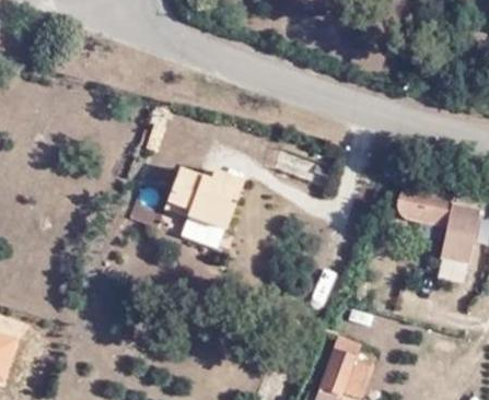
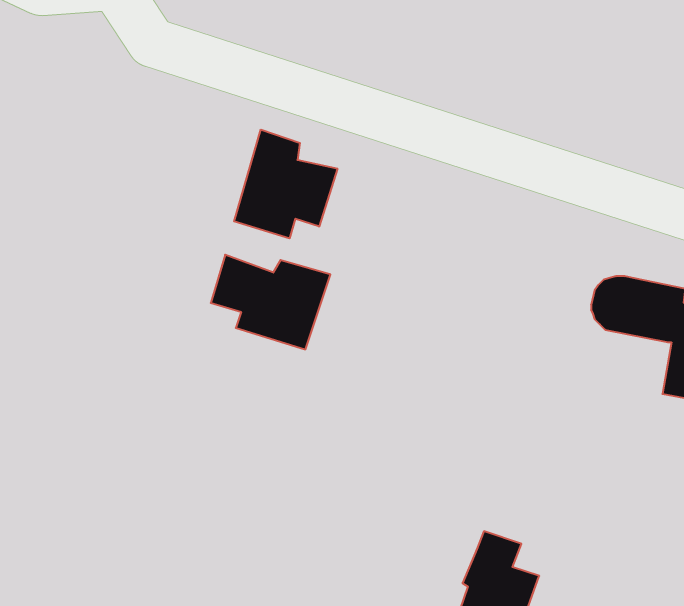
building: none -> [234,130,337,238]

